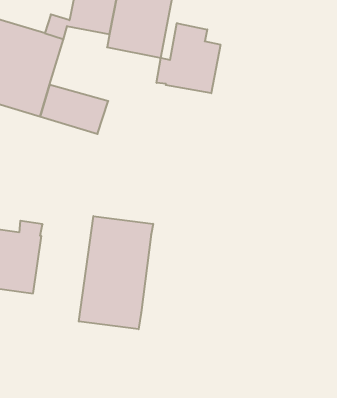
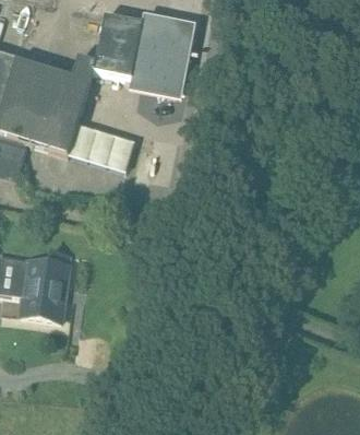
building: [157,23,220,93] -> none
building: [79,216,153,329] -> none

